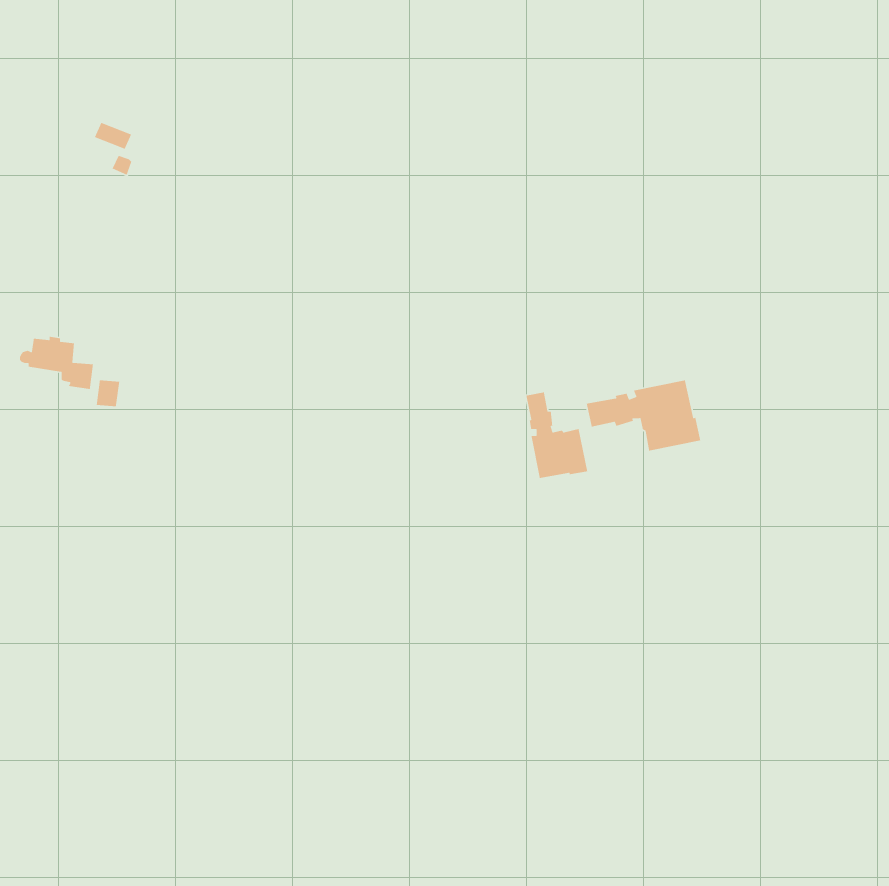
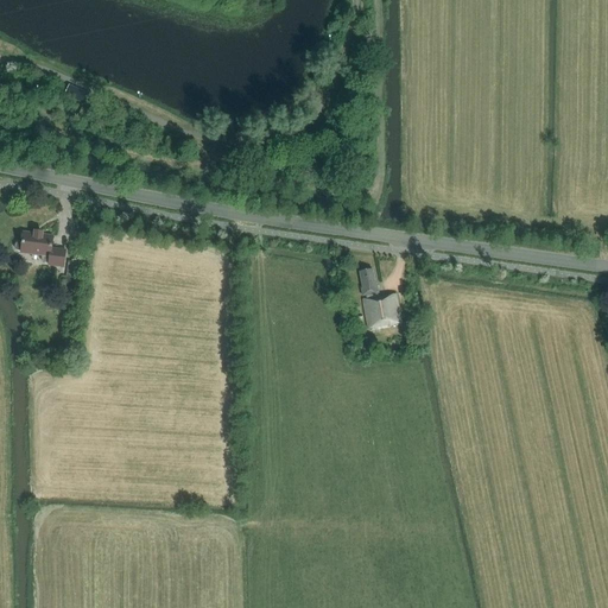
building: [586,380,701,451] -> none

